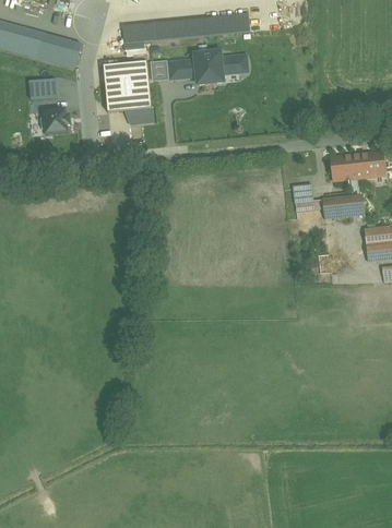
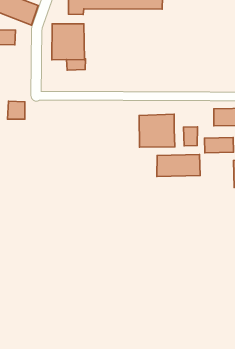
building: [150,49,248,84] -> none
building: [43,108,67,133] -> [8,101,25,119]
building: none -> [139,114,175,147]
building: none -> [157,155,200,177]

